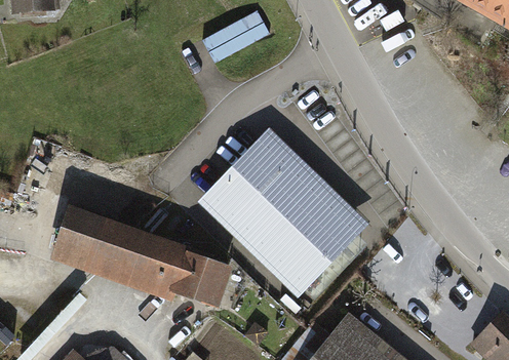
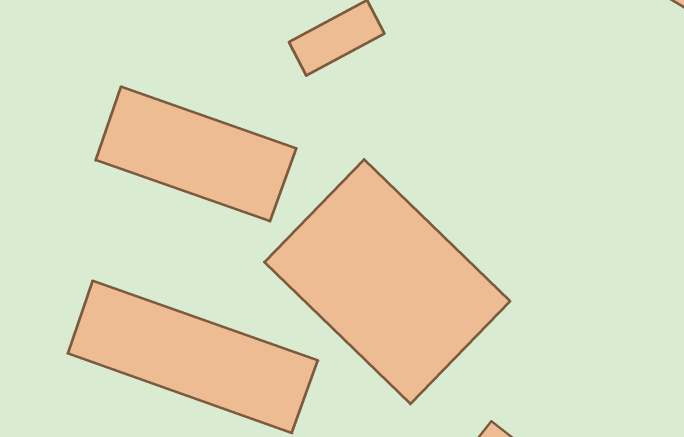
building: none -> [96,87,296,221]

